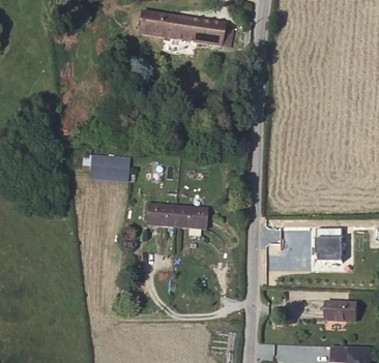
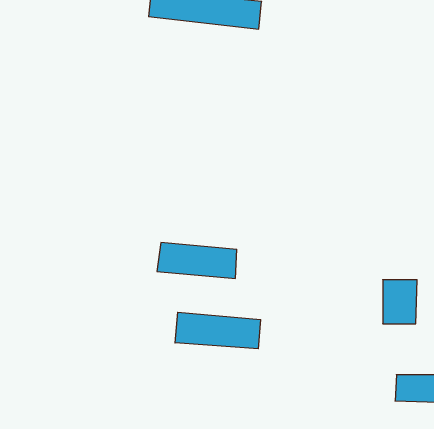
building: [90,154,128,182] -> none
building: none -> [175,312,261,349]

